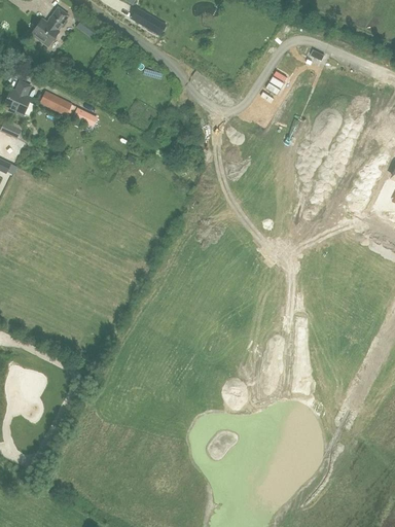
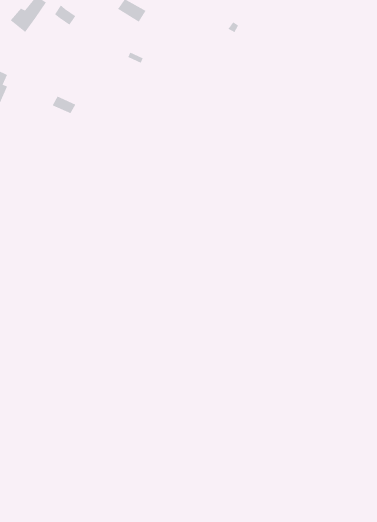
building: [39,90,75,115] -> none

